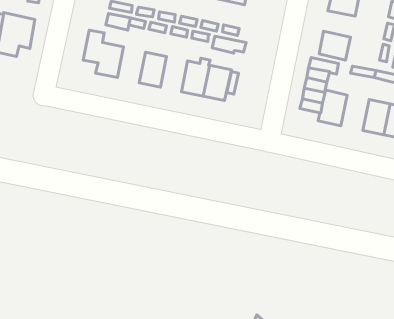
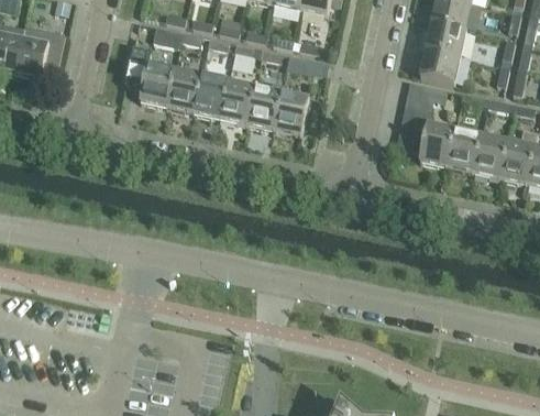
building: none -> [426,23,465,56]
building: none -> [167,68,202,113]
building: none -> [221,80,255,124]
building: none -> [448,129,483,173]

